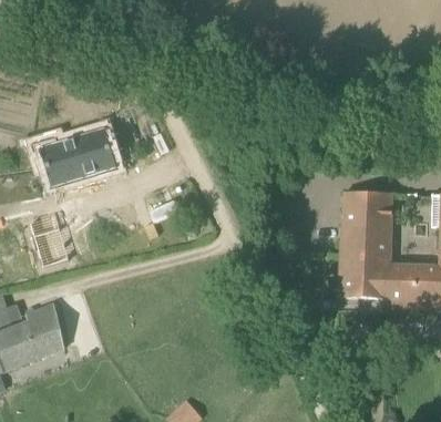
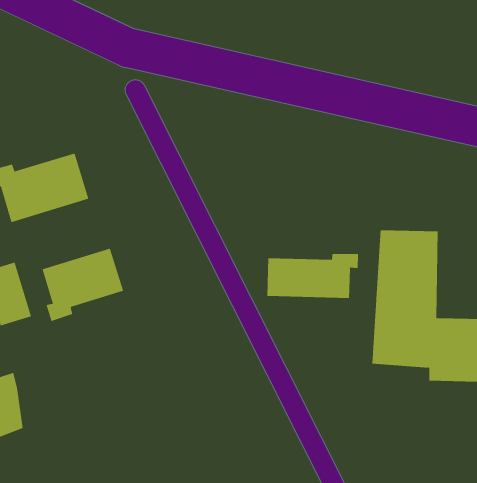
building: none -> [42,248,124,322]
building: none -> [267,253,359,299]

